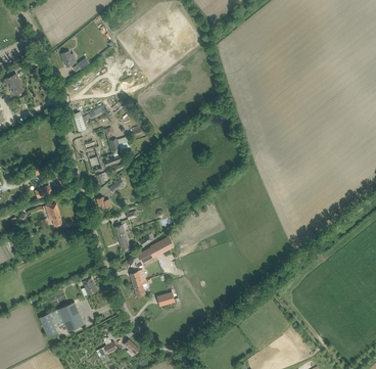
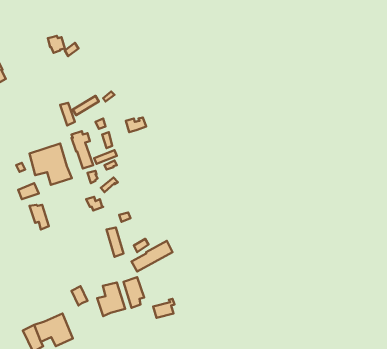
building: none -> [29,143,72,185]
building: none -> [97,282,125,316]

